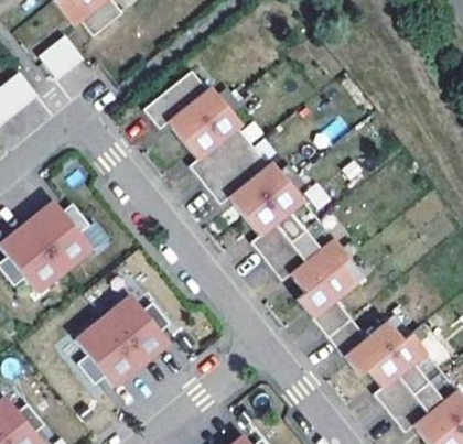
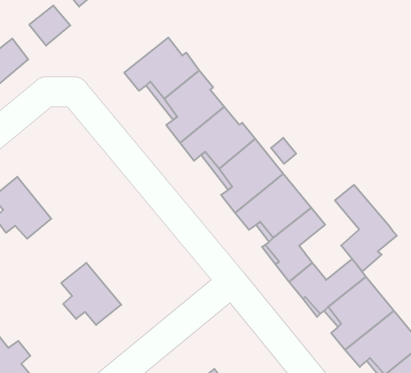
building: [26,201,91,270] -> none
building: none -> [335,185,397,271]
building: [103,295,169,365] -> none

